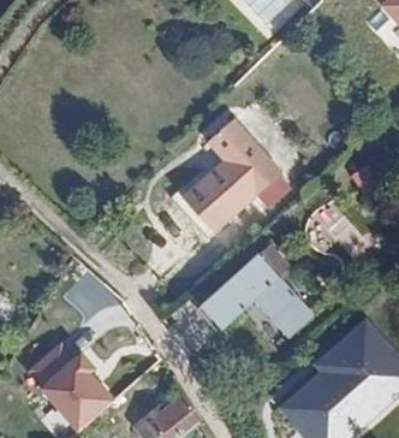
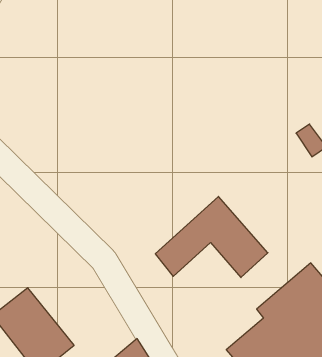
building: [175,126,291,242] -> none

